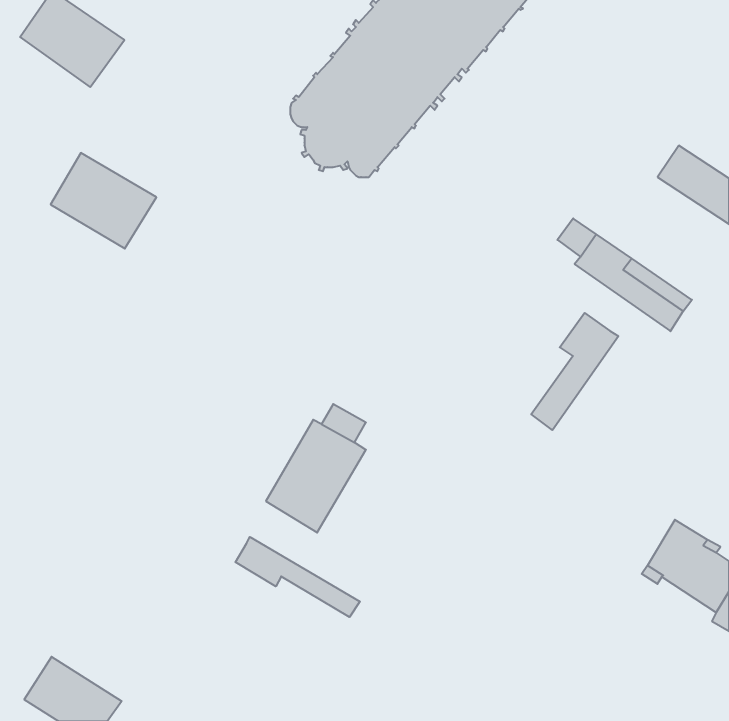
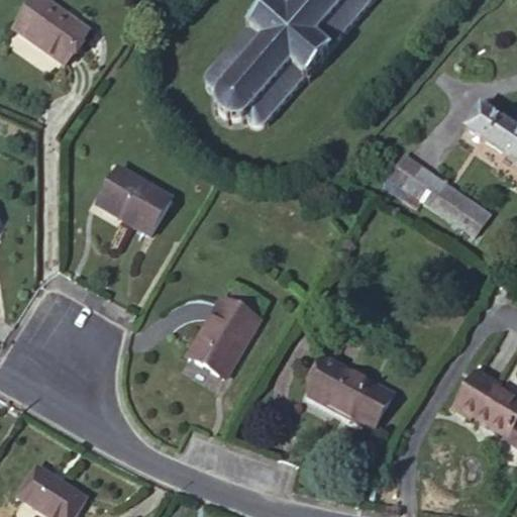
building: [51,153,156,249] -> [97,166,172,233]
building: [531,313,618,430] -> none
building: none -> [308,357,392,428]
building: [235,537,360,617] -> none

